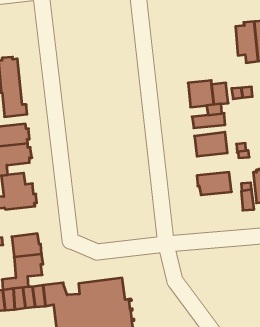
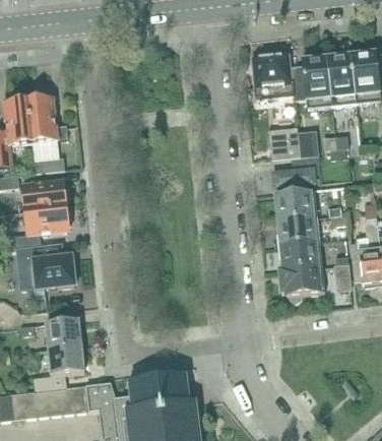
building: none -> [253,53,292,99]
building: none -> [303,59,331,108]
building: none -> [277,218,320,247]
building: none -> [280,267,325,305]

